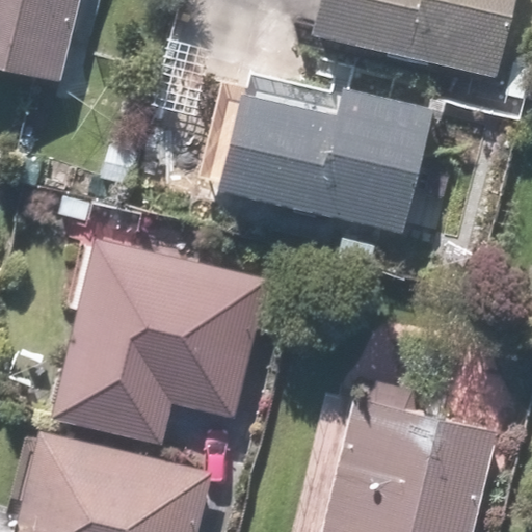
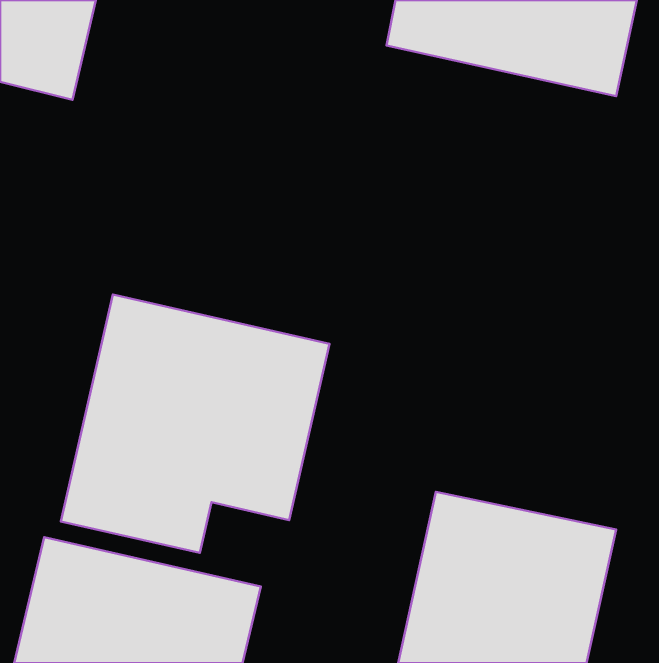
building: [214,89,429,231] -> none

